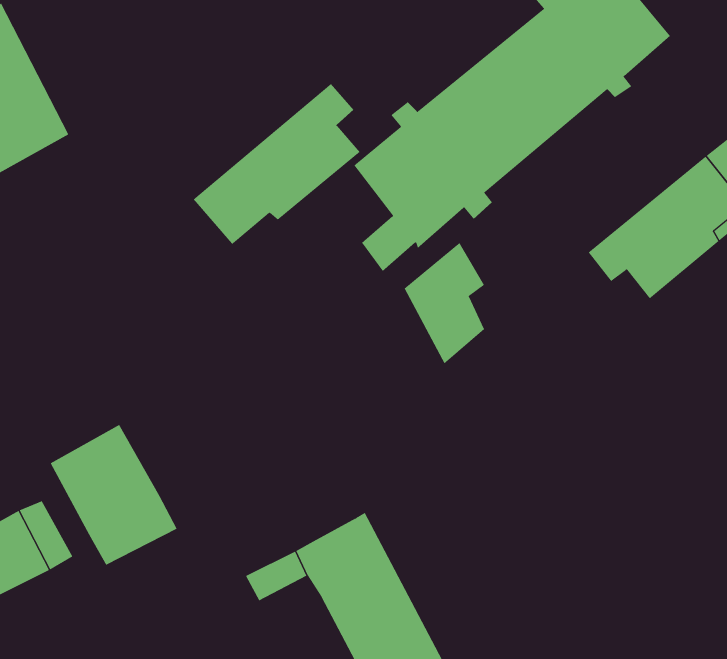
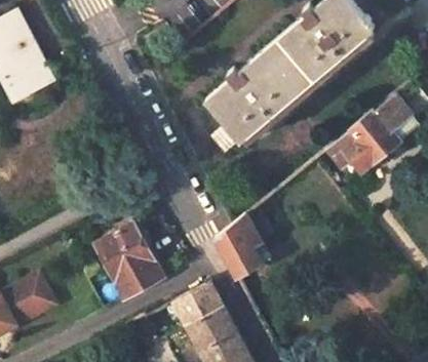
building: [193,83,360,246] -> none
building: [404,242,485,364] -> [213,212,257,277]
building: [50,424,178,566] -> [94,226,162,300]

